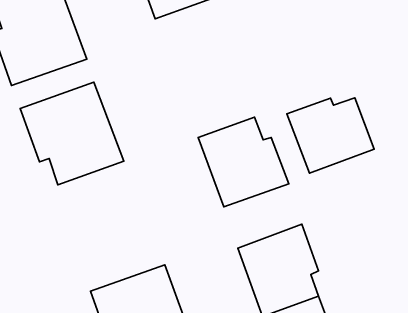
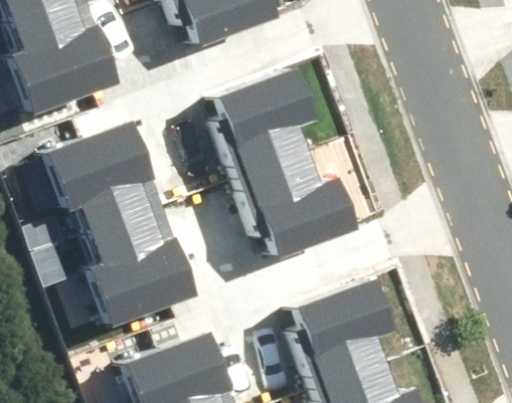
building: none -> [218,73,311,179]
building: [287,98,374,173] -> none
building: none -> [86,206,194,330]

